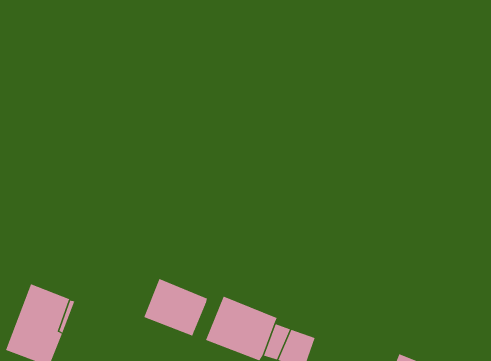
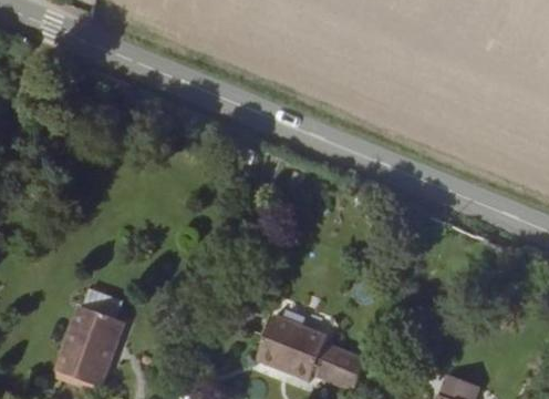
building: [144,278,207,337] -> none

